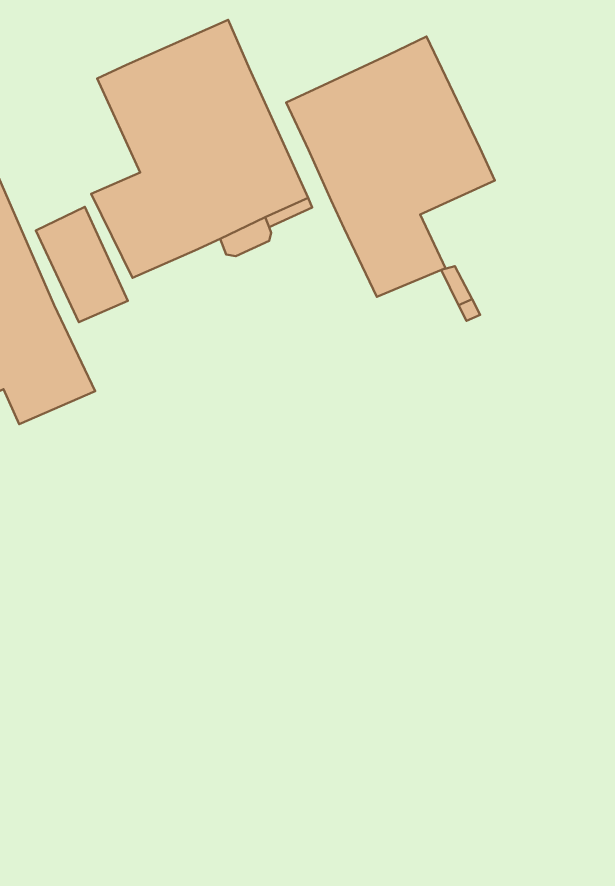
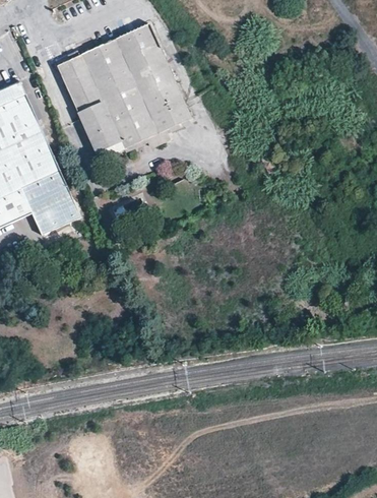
building: [286,36,495,297] -> none
building: [36,207,128,322] -> [56,53,104,113]

